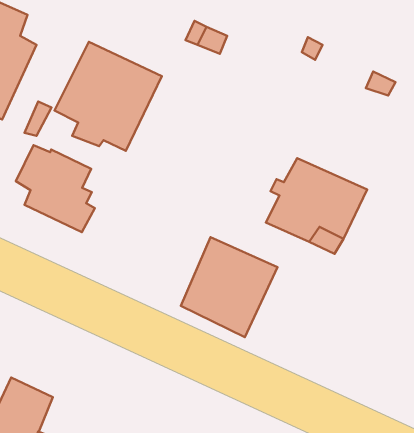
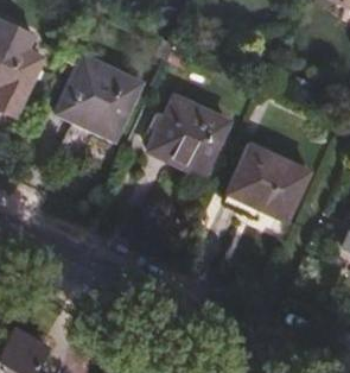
building: [16,145,95,232] -> none
building: [181,237,278,337] -> [147,102,224,182]

